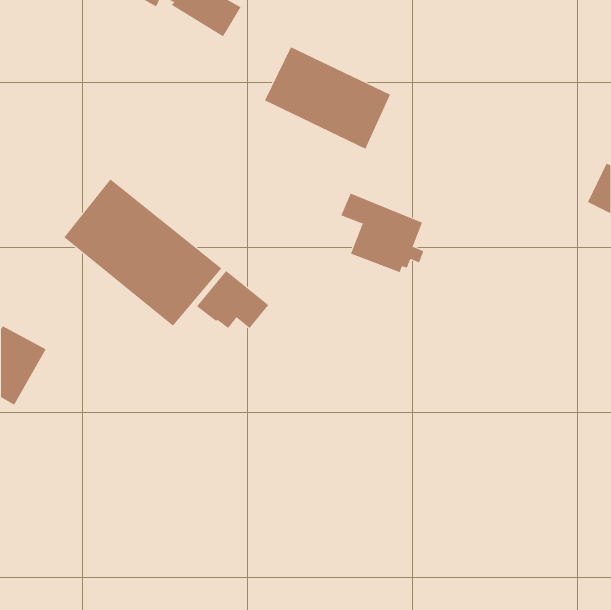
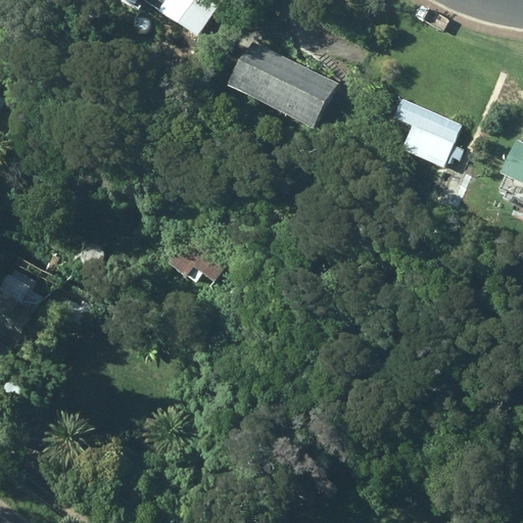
building: [63,178,222,327] -> none
building: [340,193,424,273] -> [392,98,464,167]

